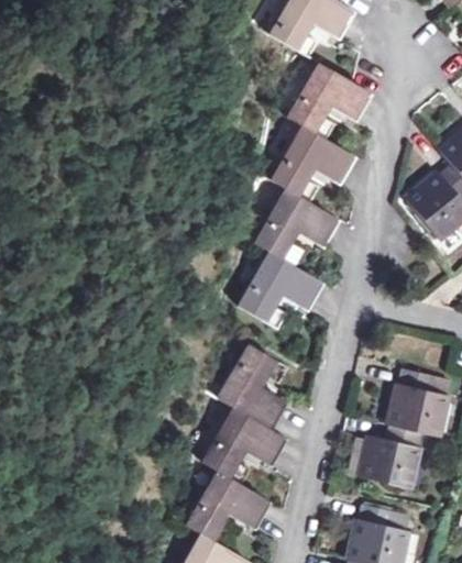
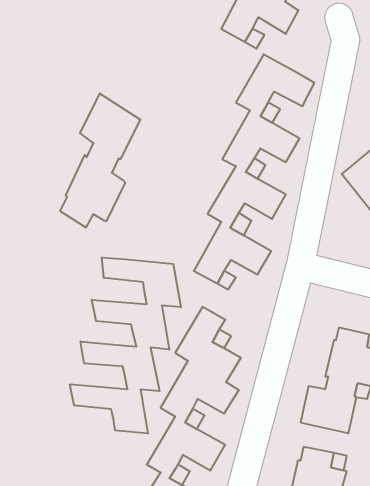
building: none -> [60,93,140,228]
building: none -> [70,257,181,434]

